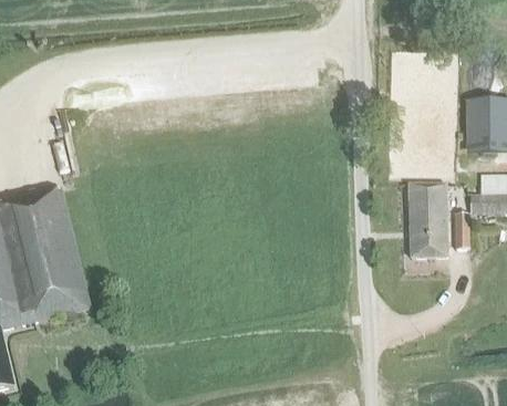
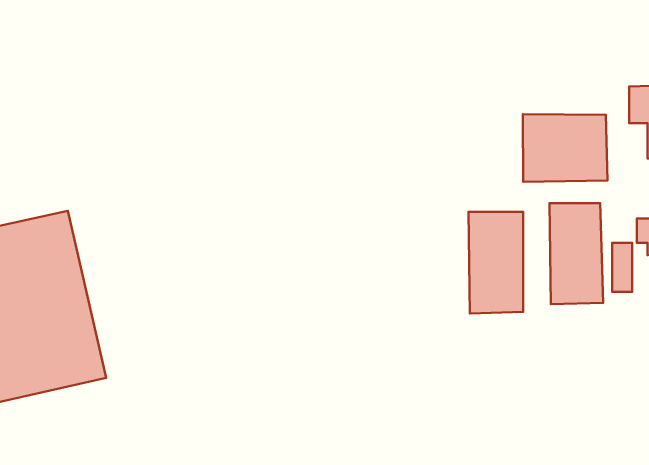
building: none -> [523,114,608,182]
building: none -> [468,212,523,314]

